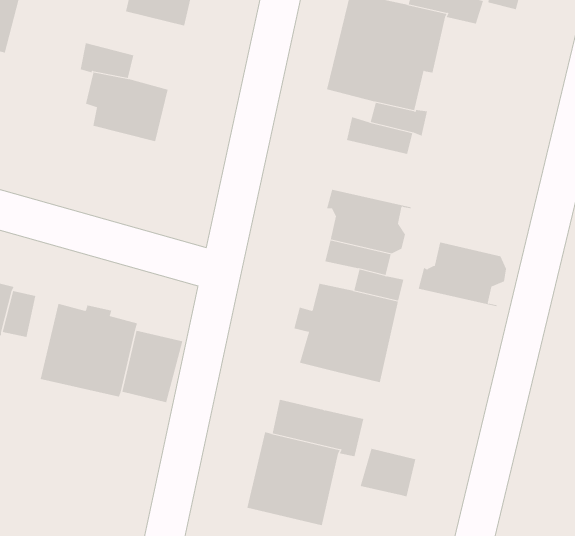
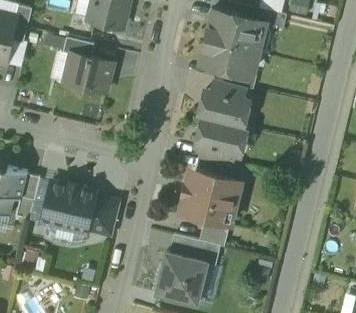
building: [418,242,507,307] -> [198,91,247,127]
building: [360,448,416,497] -> [198,219,229,246]

